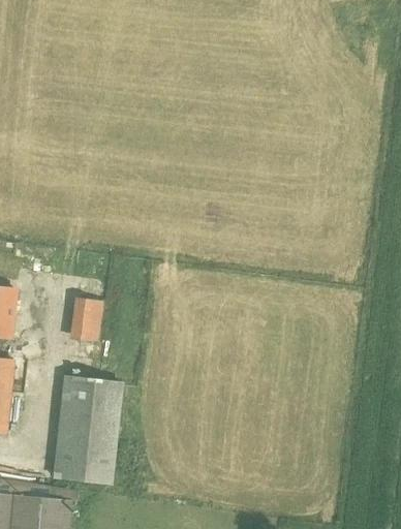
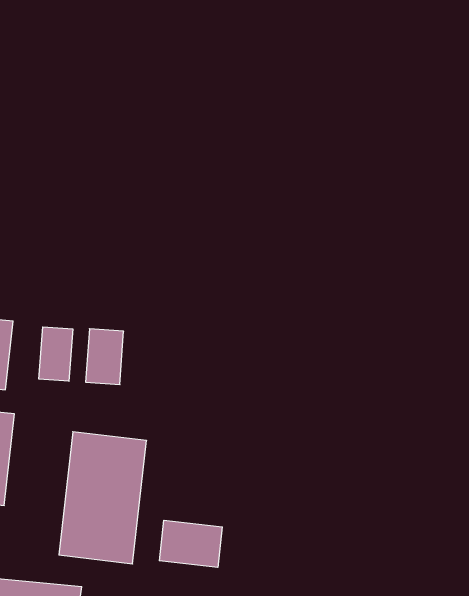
building: none -> [39,327,73,381]
building: none -> [159,520,222,567]

